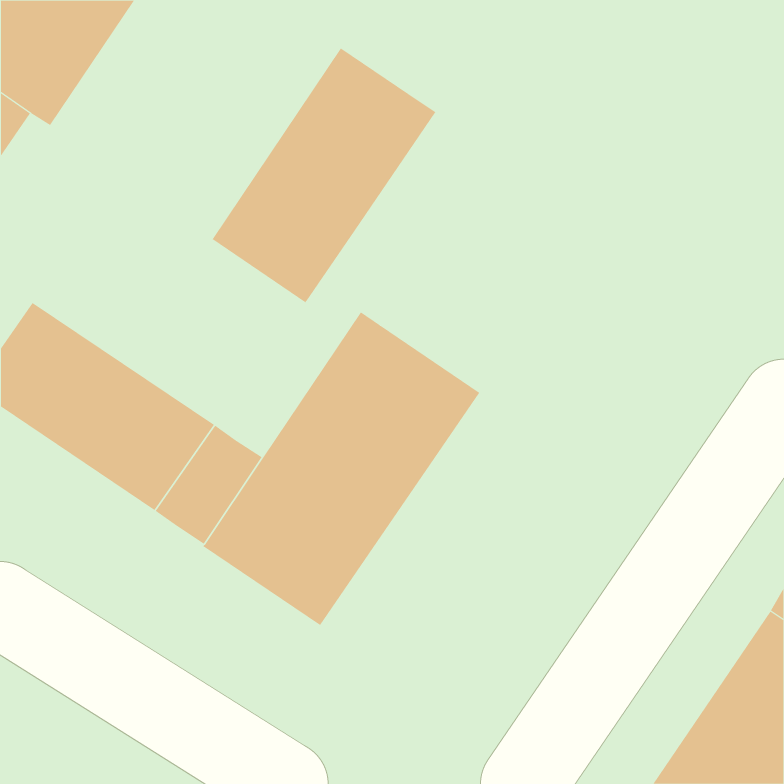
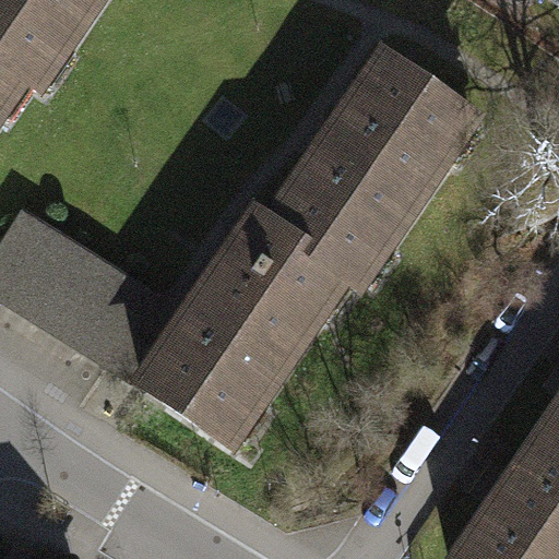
building: [212,47,436,303] -> none
building: none -> [271,62,468,287]

